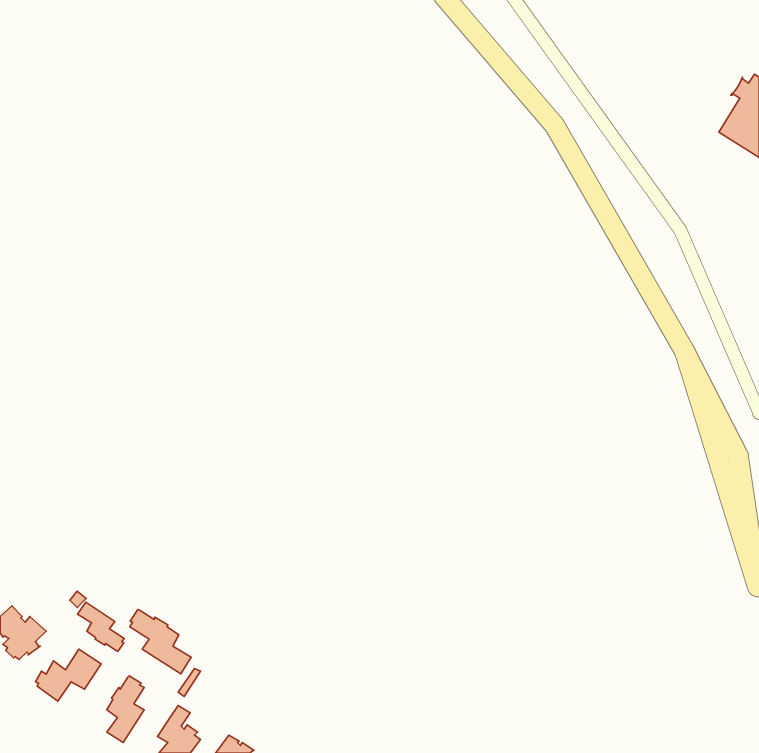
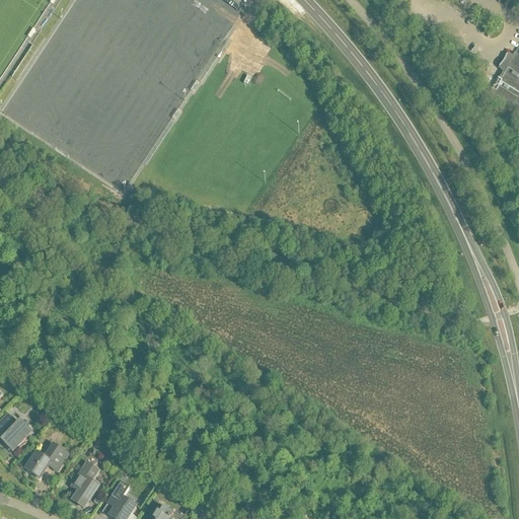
building: [78,602,124,651] -> none
building: [130,609,191,674] -> none

